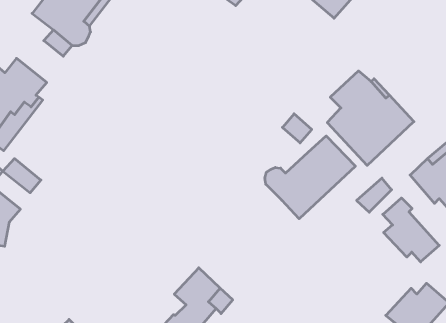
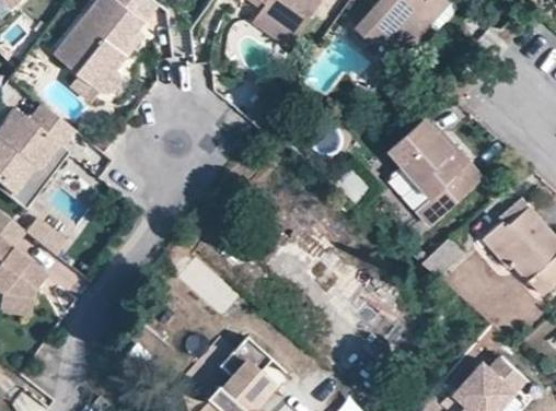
building: [265,136,355,219] -> none
building: [383,198,439,262] -> none

